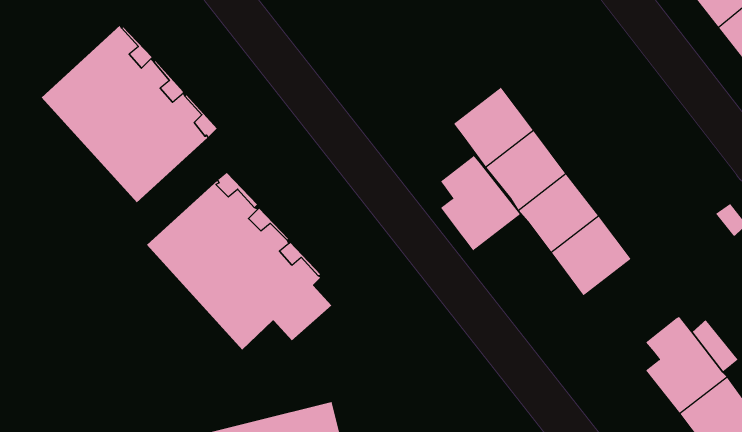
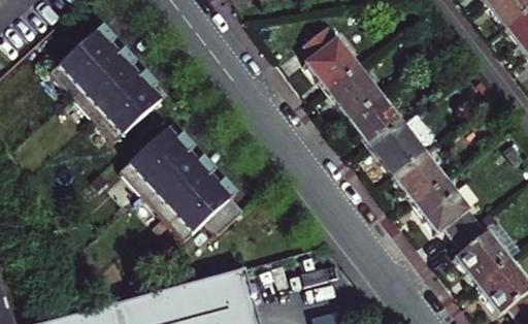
building: [440,155,521,251] -> [304,25,358,89]
building: none -> [412,179,474,242]

